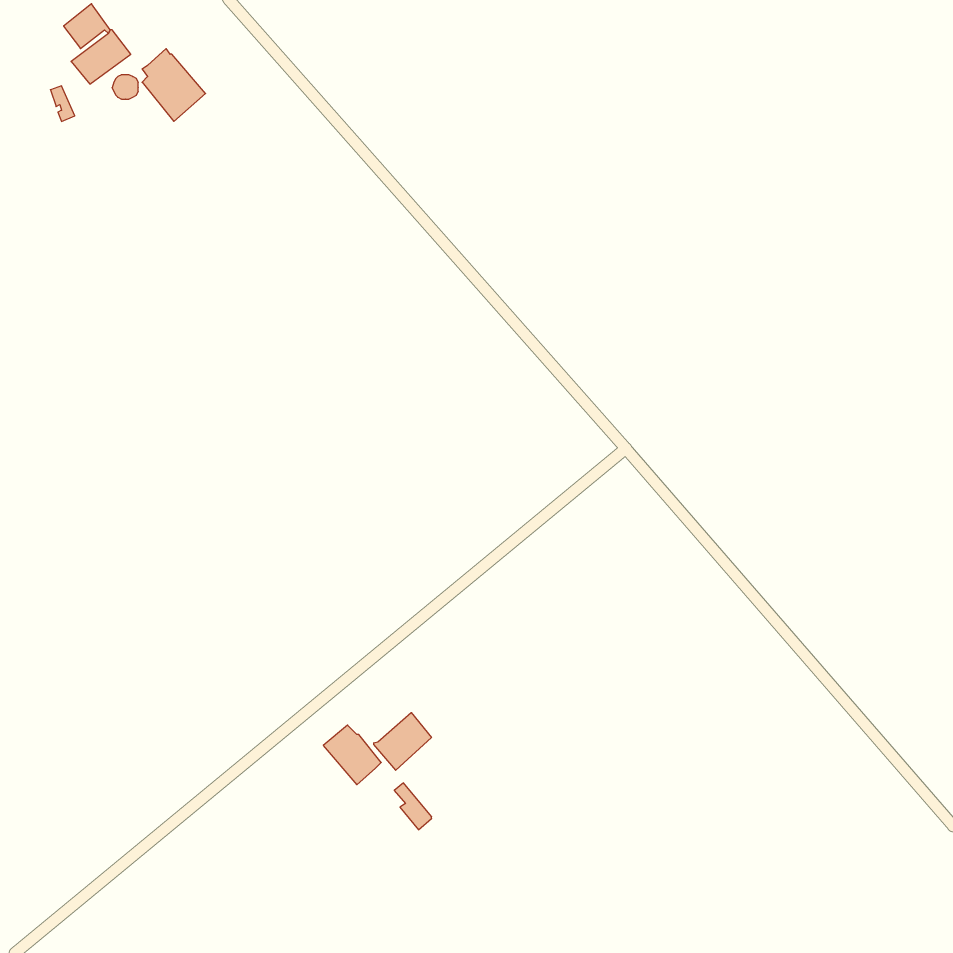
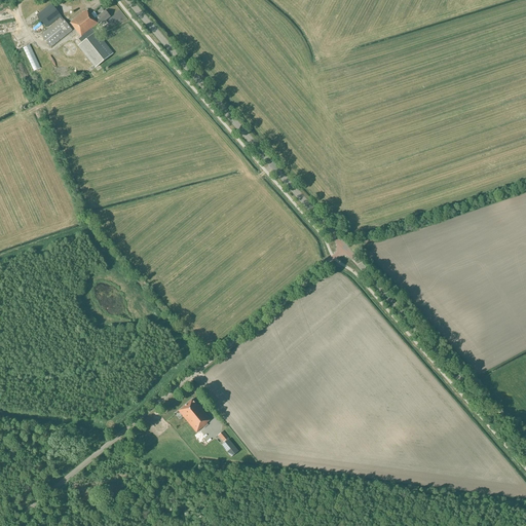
building: none -> [69,8,109,36]
building: [374,713,431,770] -> none

